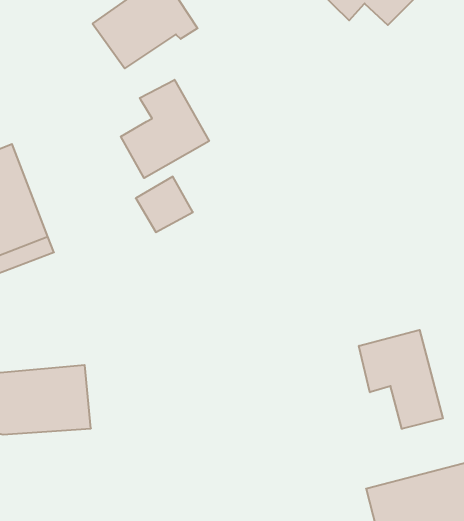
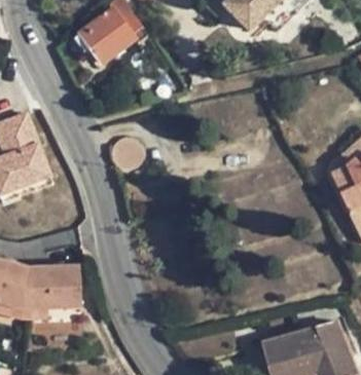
building: [121,80,209,178] -> none
building: [359,330,443,429] -> none

